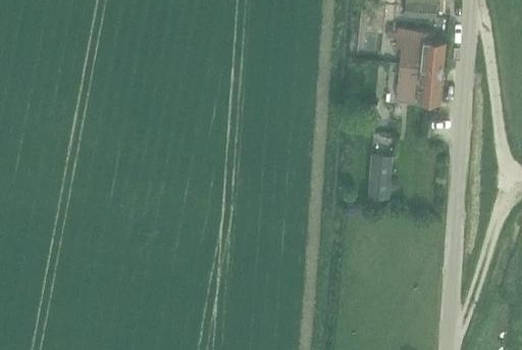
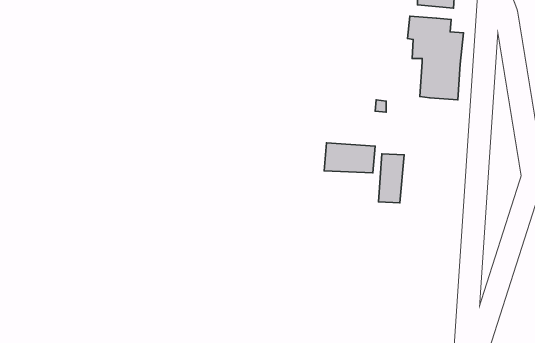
building: none -> [324,143,375,173]

